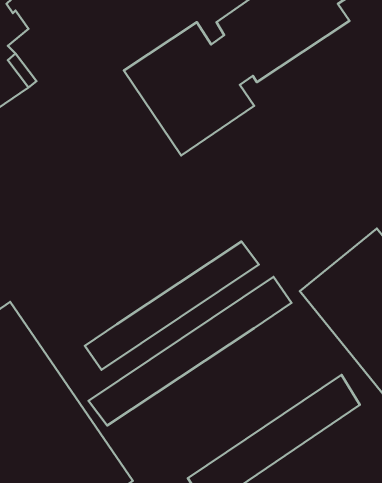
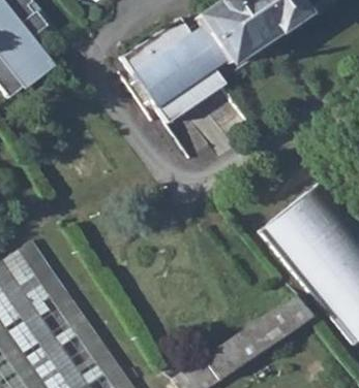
building: [85,241,259,370] -> none
building: [89,277,292,426] -> none

